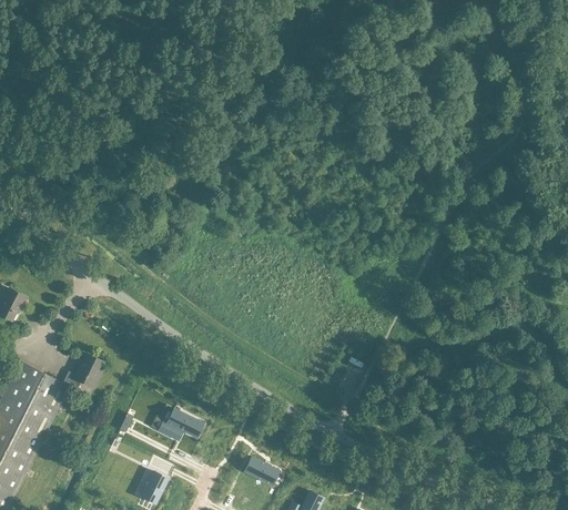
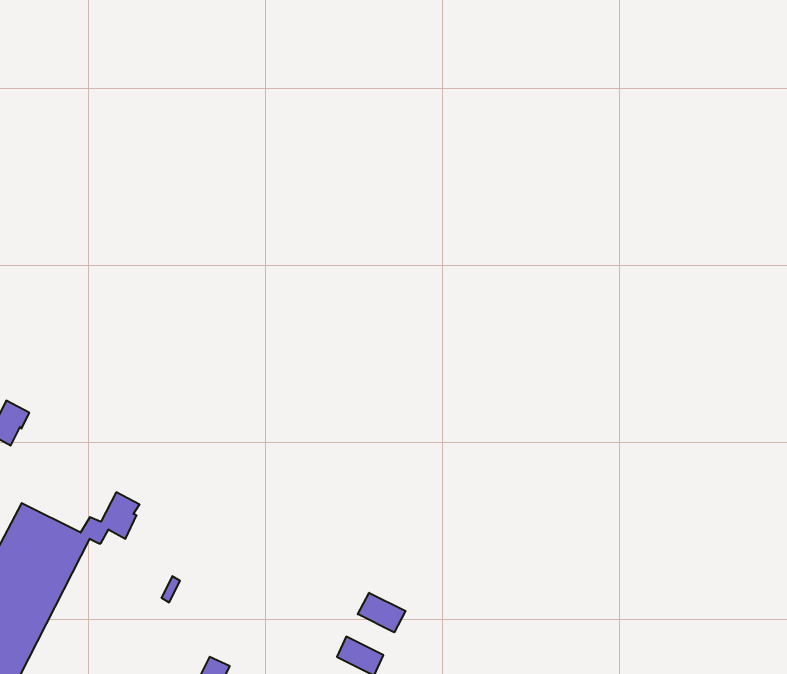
building: [154,407,199,439] -> none
building: none -> [358,593,406,632]

